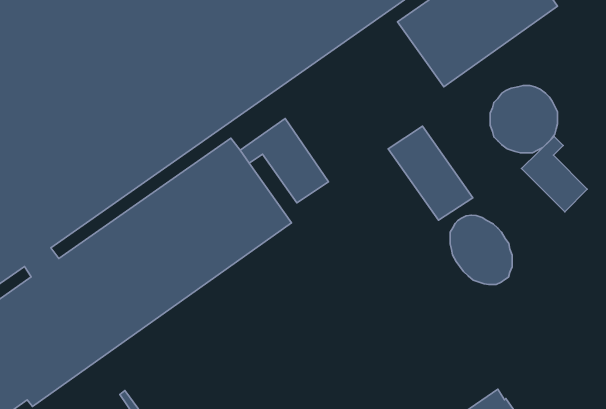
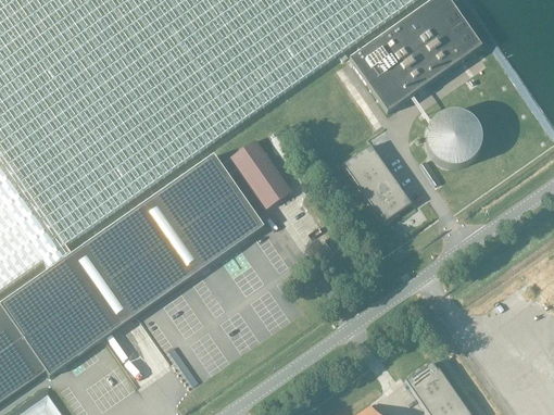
building: [521,136,587,212] -> none
building: [450,215,512,284] -> none

